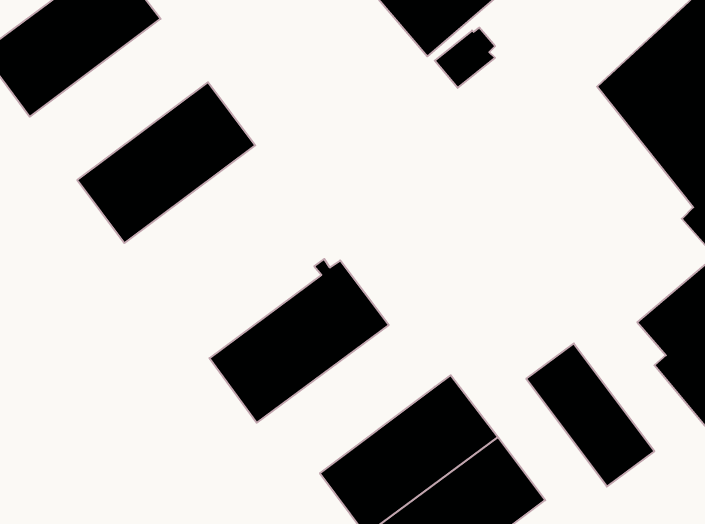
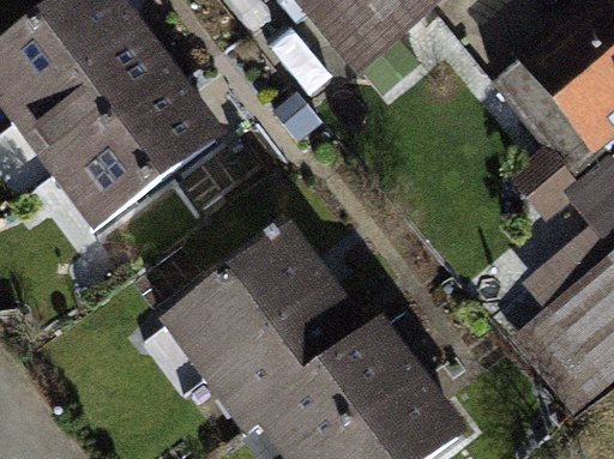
building: none -> [25,34,174,168]
building: none -> [215,289,363,422]
building: [526,343,654,487] -> none

